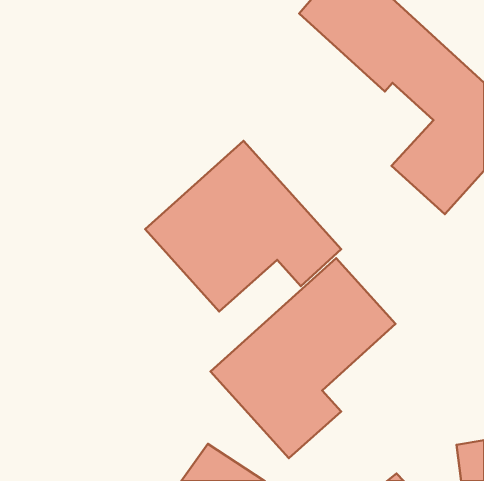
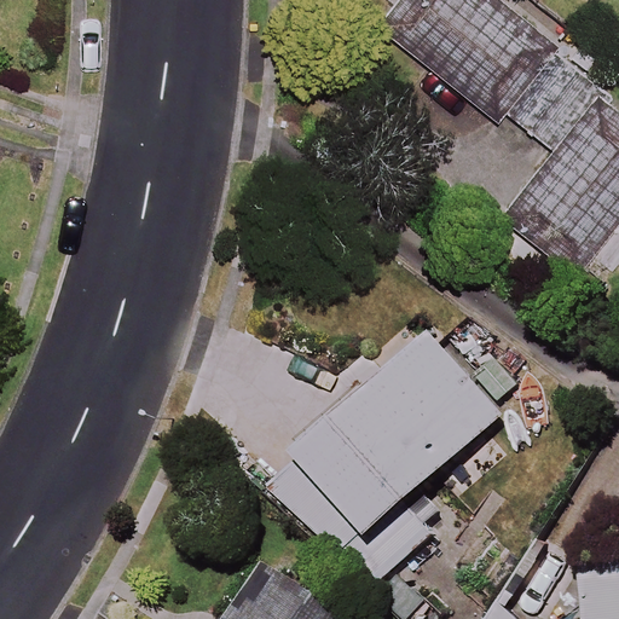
building: [145,141,341,311] -> none

